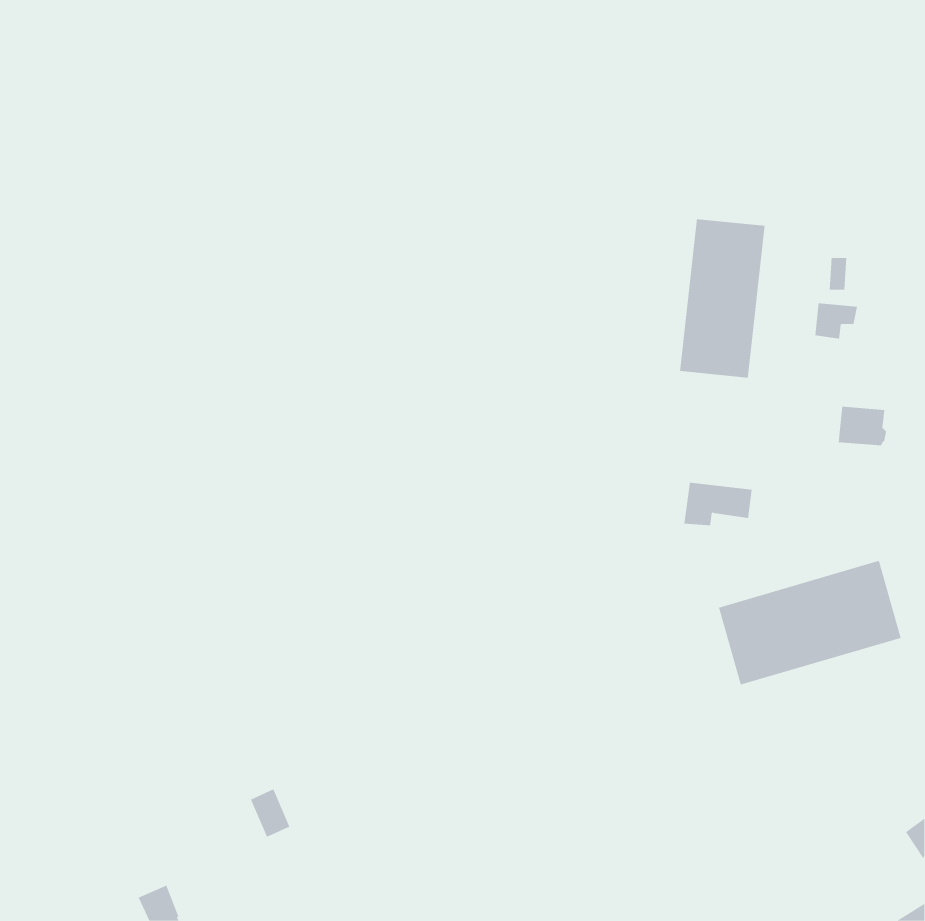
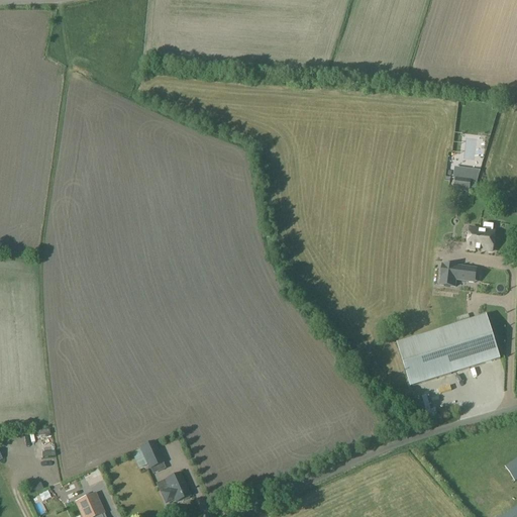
building: [679,219,765,378] -> none
building: [684,482,752,526] -> [437,265,476,289]
building: none -> [158,472,189,501]

